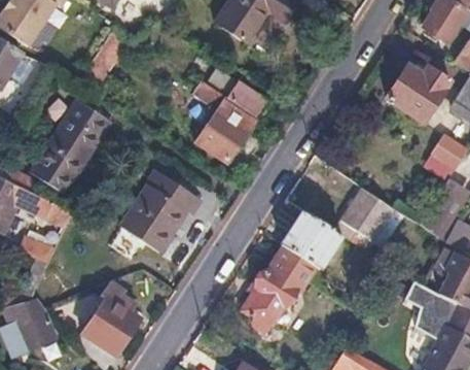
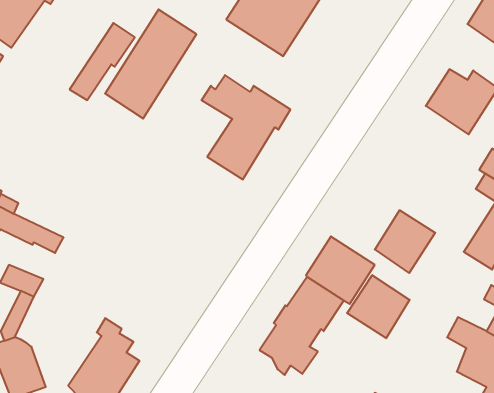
building: [32,99,111,194] -> [105,9,196,119]
building: [122,169,201,251] -> none
building: none -> [347,275,410,338]

